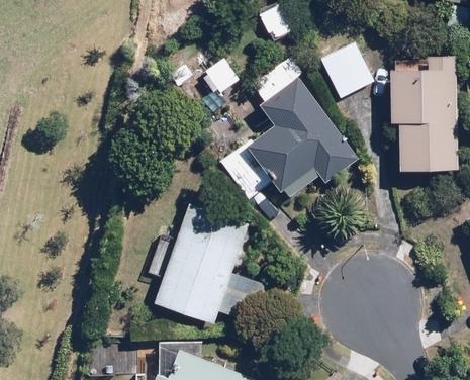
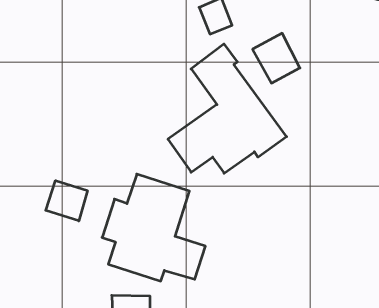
building: [392,55,458,170] -> none
building: none -> [46,181,87,221]

